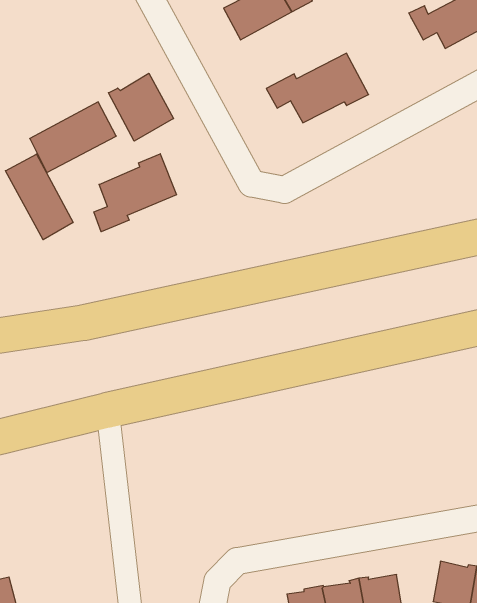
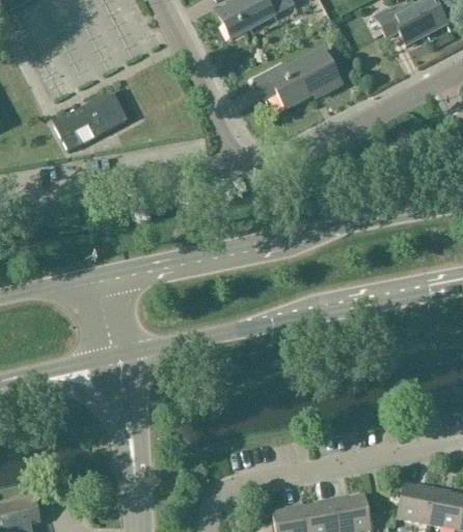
building: [108,73,174,141] -> none
building: [94,154,177,232] -> none
building: [5,154,73,240] -> none

